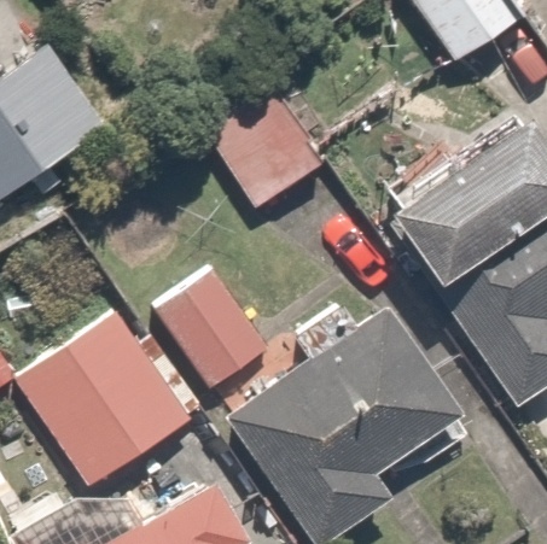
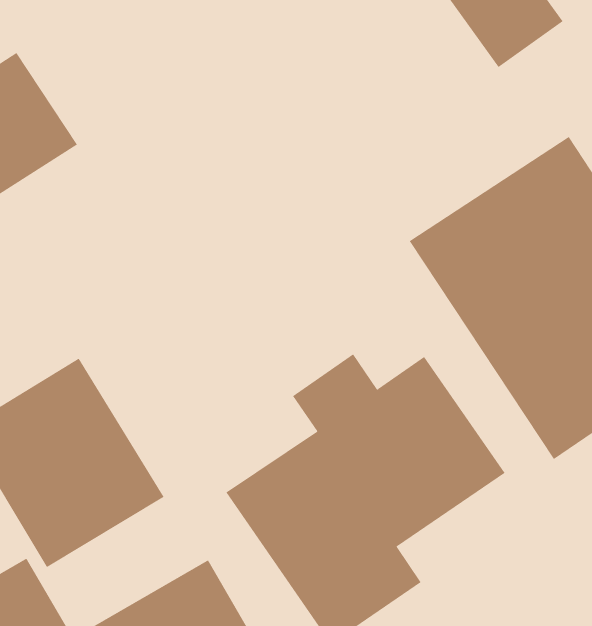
building: [187,59,321,204] -> none
building: [150,263,270,392] -> none

